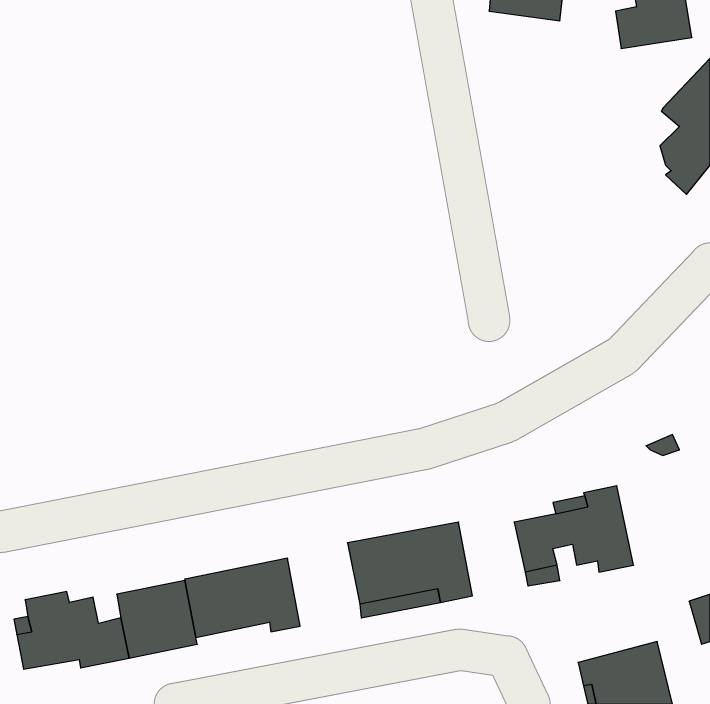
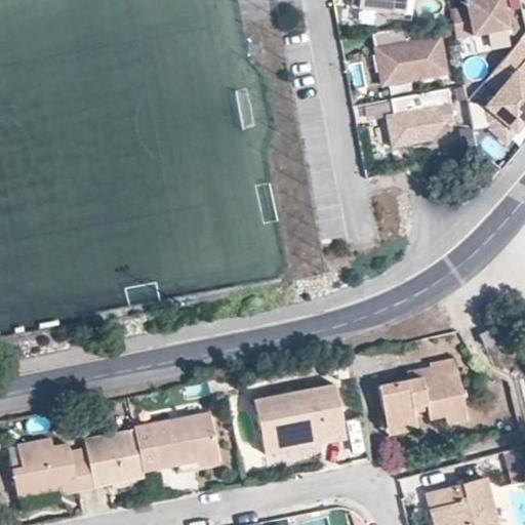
building: none -> [372,29,450,86]
building: none -> [390,92,455,151]

